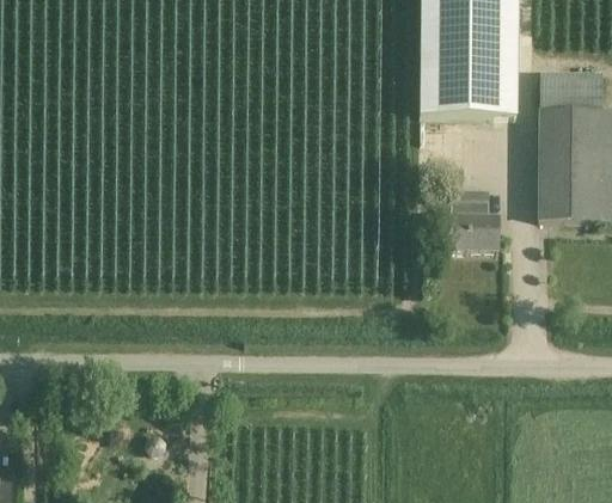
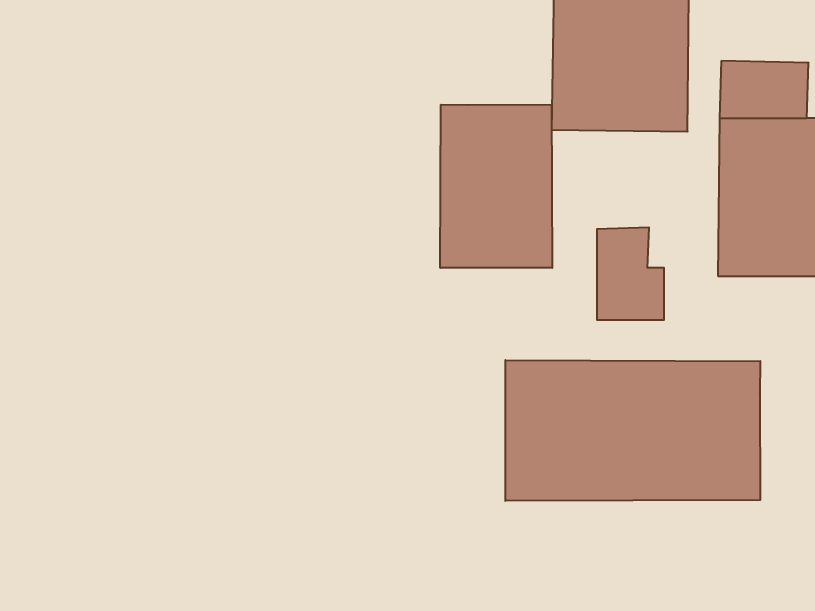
building: none -> [440,105,552,268]
building: none -> [505,360,760,501]

